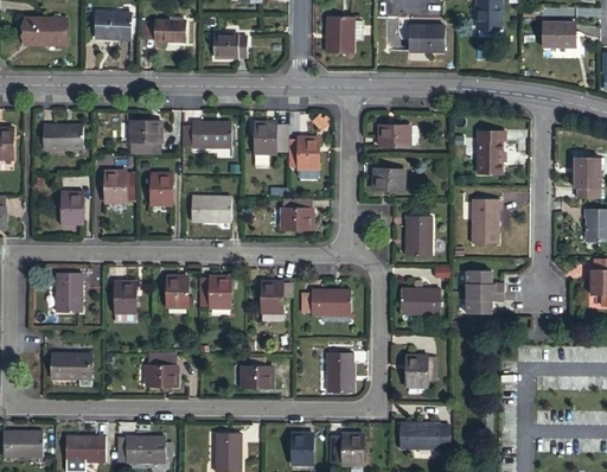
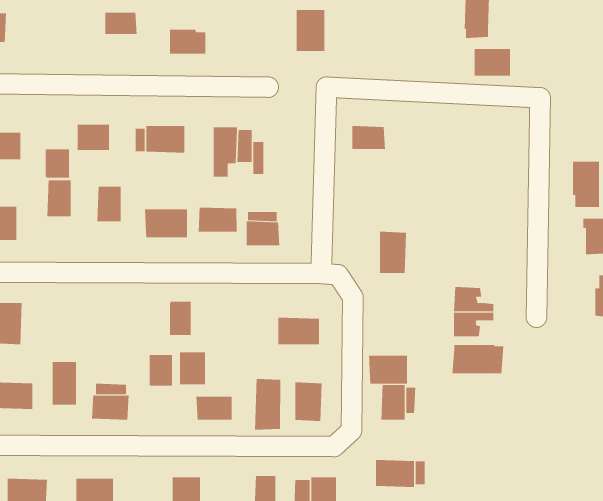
building: [96,13,130,38] -> none
building: [543,20,576,45] -> [474,49,511,76]
building: [410,25,446,52] -> none
building: [479,128,506,171] -> none
building: [299,134,320,166] -> none
building: none -> [45,148,69,178]
building: [372,166,403,187] -> none
building: none -> [198,207,237,232]
building: [474,196,501,240] -> none
building: [165,280,186,308] -> [149,355,173,386]
building: [116,283,139,323] -> [52,362,77,405]
building: [258,285,282,314] -> [179,352,206,385]
building: [398,287,434,313] -> [368,355,408,384]
building: none -> [452,344,504,374]
building: none -> [254,378,281,430]

